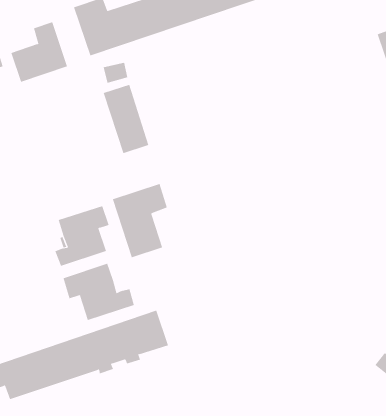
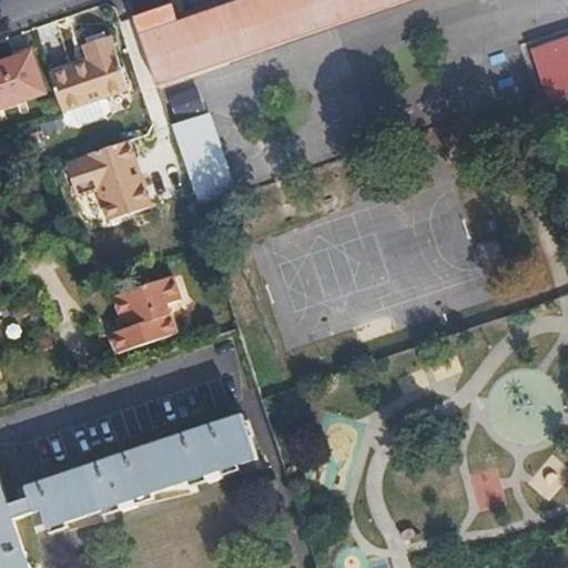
building: none -> [69,140,155,216]
building: [112,183,168,258] -> none
building: [63,263,134,321] -> none

